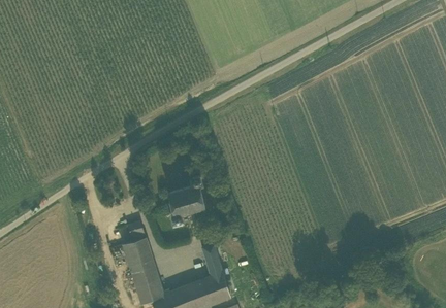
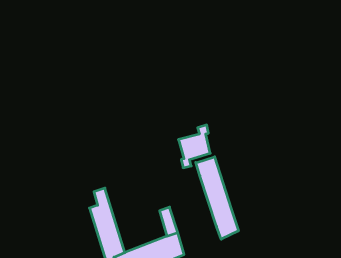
building: [168,176,204,225] -> [178,125,210,168]
building: none -> [196,157,238,239]

